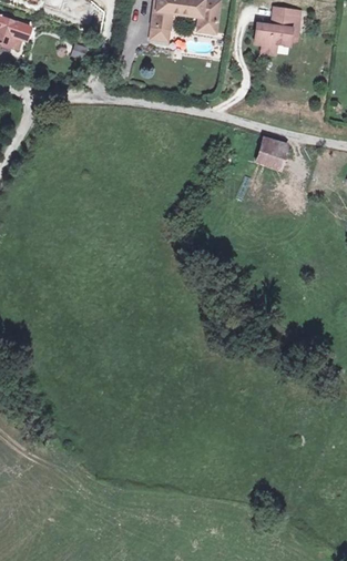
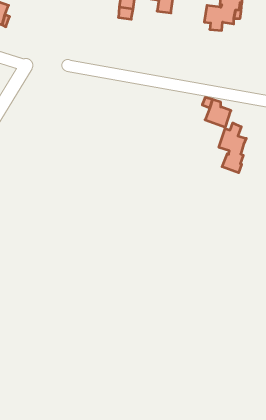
building: none -> [219,123,246,173]

